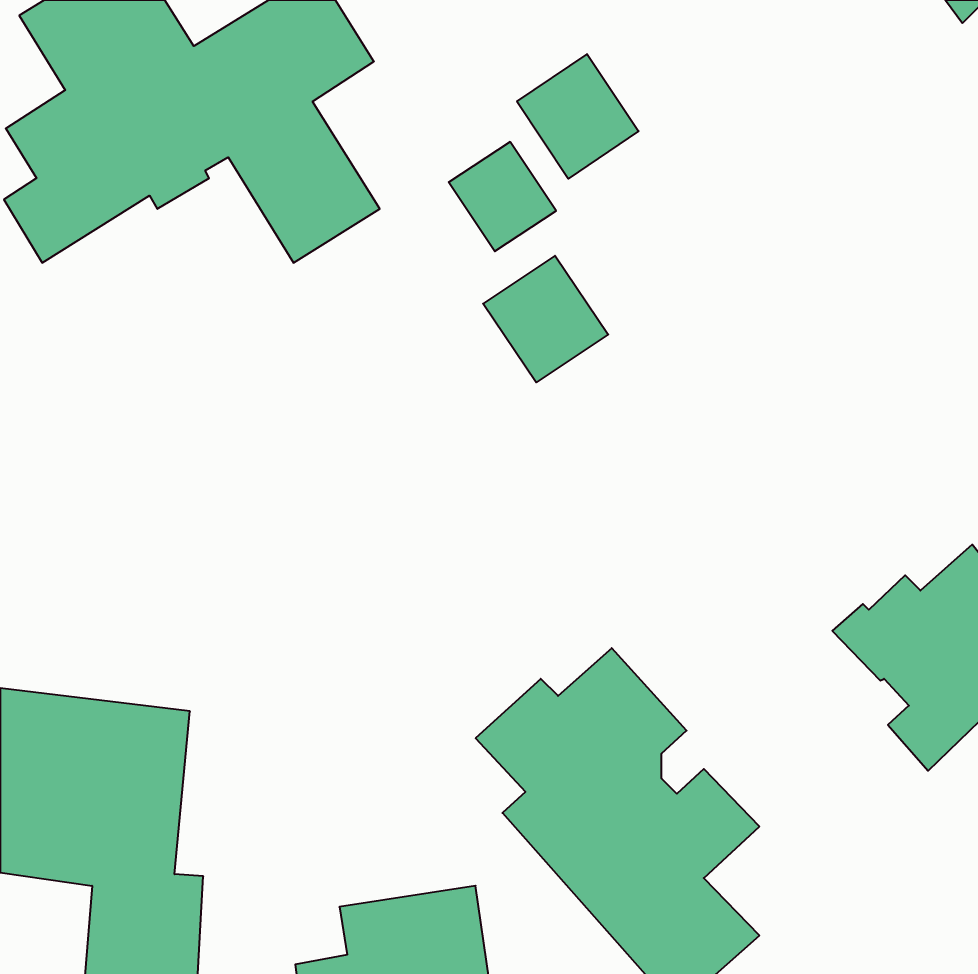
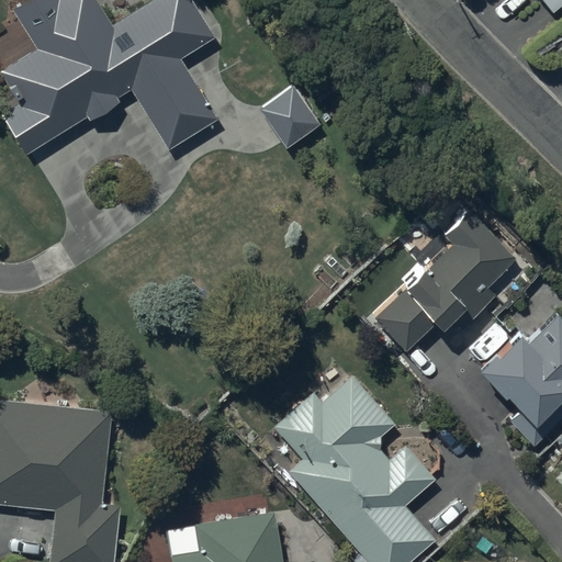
building: [517,54,639,179] -> none
building: [483,256,608,382] -> none
building: none -> [373,210,518,350]

